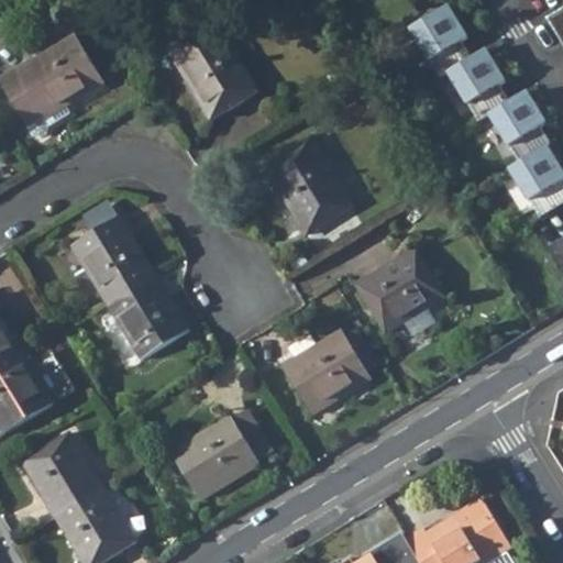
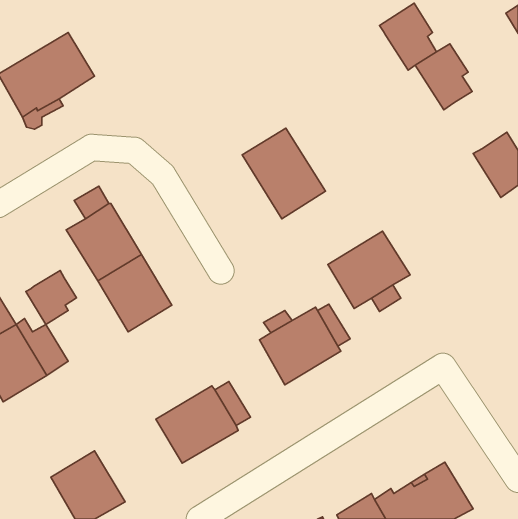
building: [166,22,255,120] -> none
building: [490,88,551,161] -> none
building: none -> [26,271,77,325]
building: [21,432,102,516] -> none

